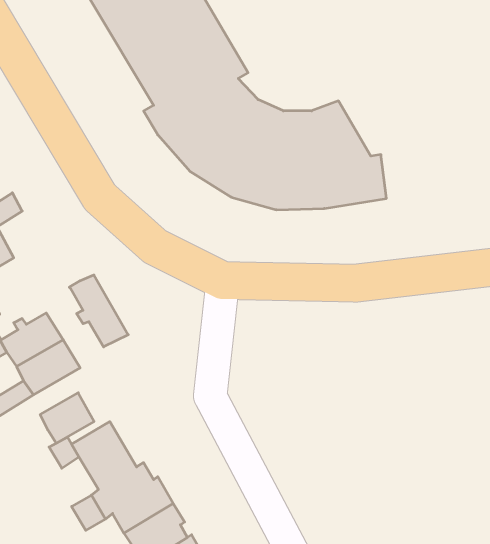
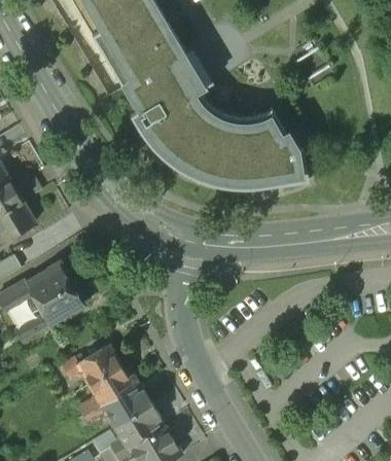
building: [69,275,128,347] -> none
building: [40,393,94,443] -> none

